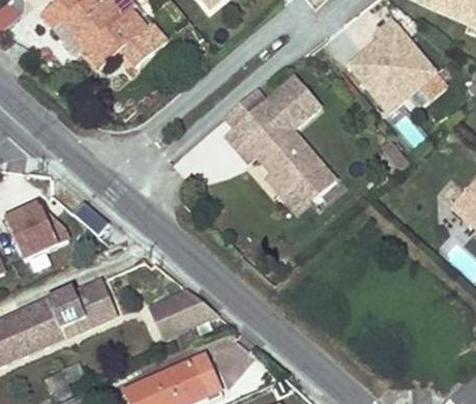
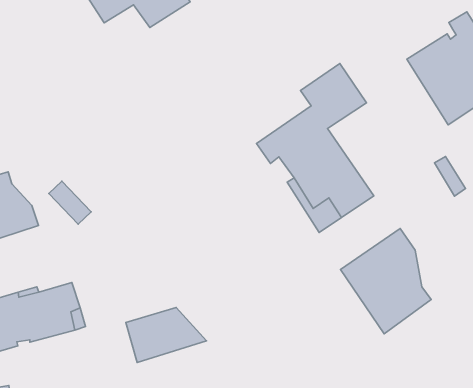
building: [225,90,276,149] -> none
building: none -> [340,229,431,334]

